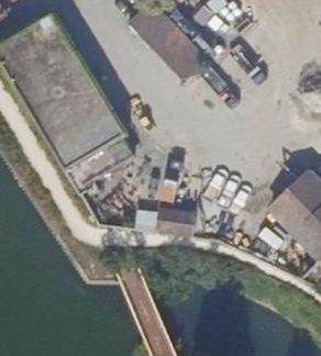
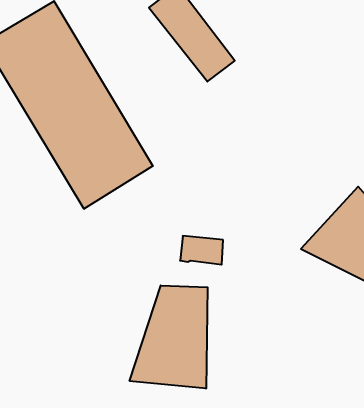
building: none -> [130,285,208,389]

